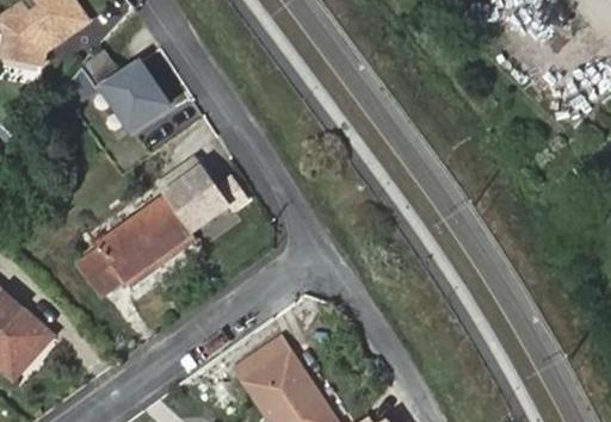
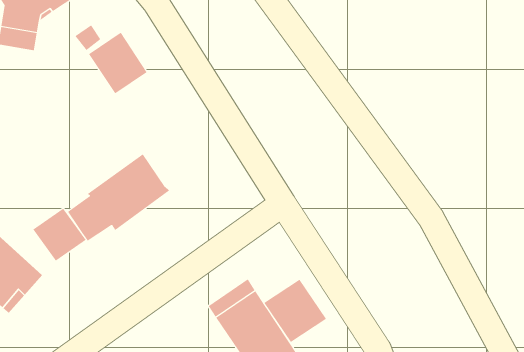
building: [156,160,228,235] -> none
building: none -> [33,208,86,262]
building: none -> [264,279,327,343]

